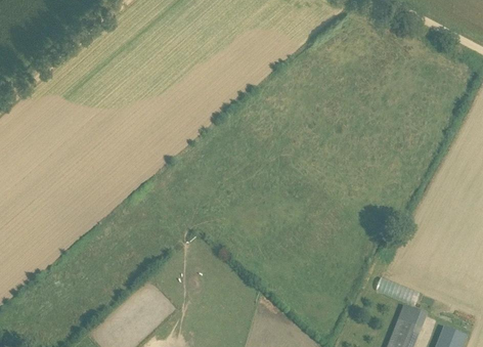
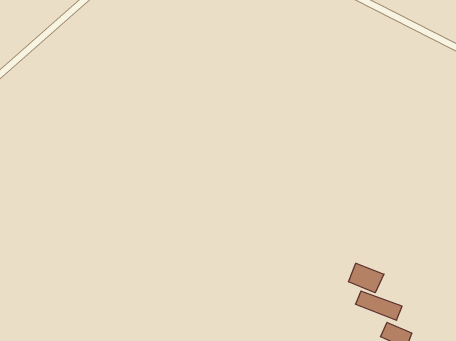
building: none -> [349,263,384,293]

